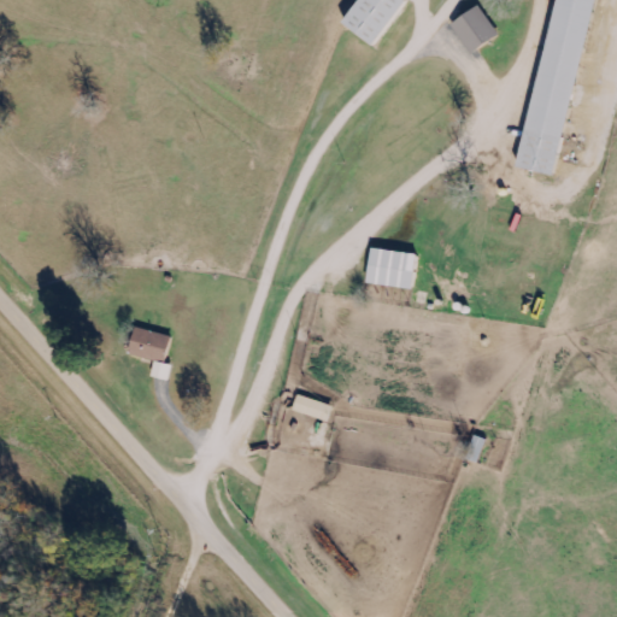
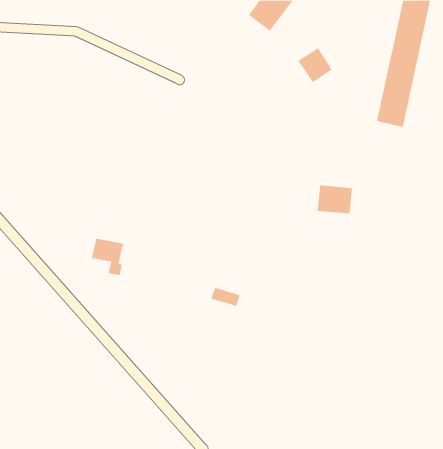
building: [447,5,495,53] -> [297,48,333,83]
building: [364,247,413,287] -> [317,185,353,214]

